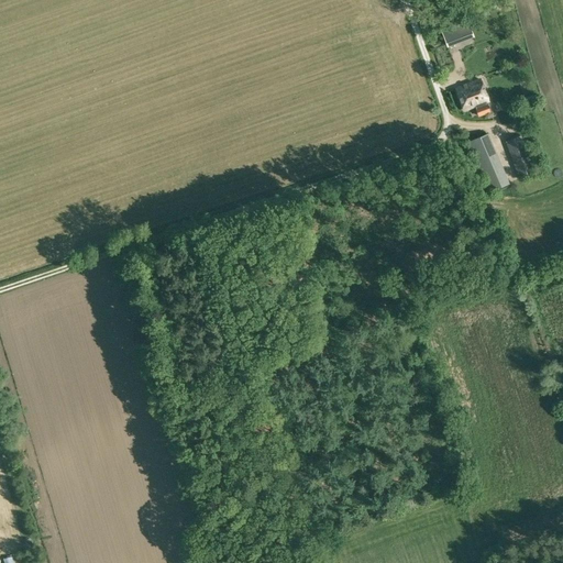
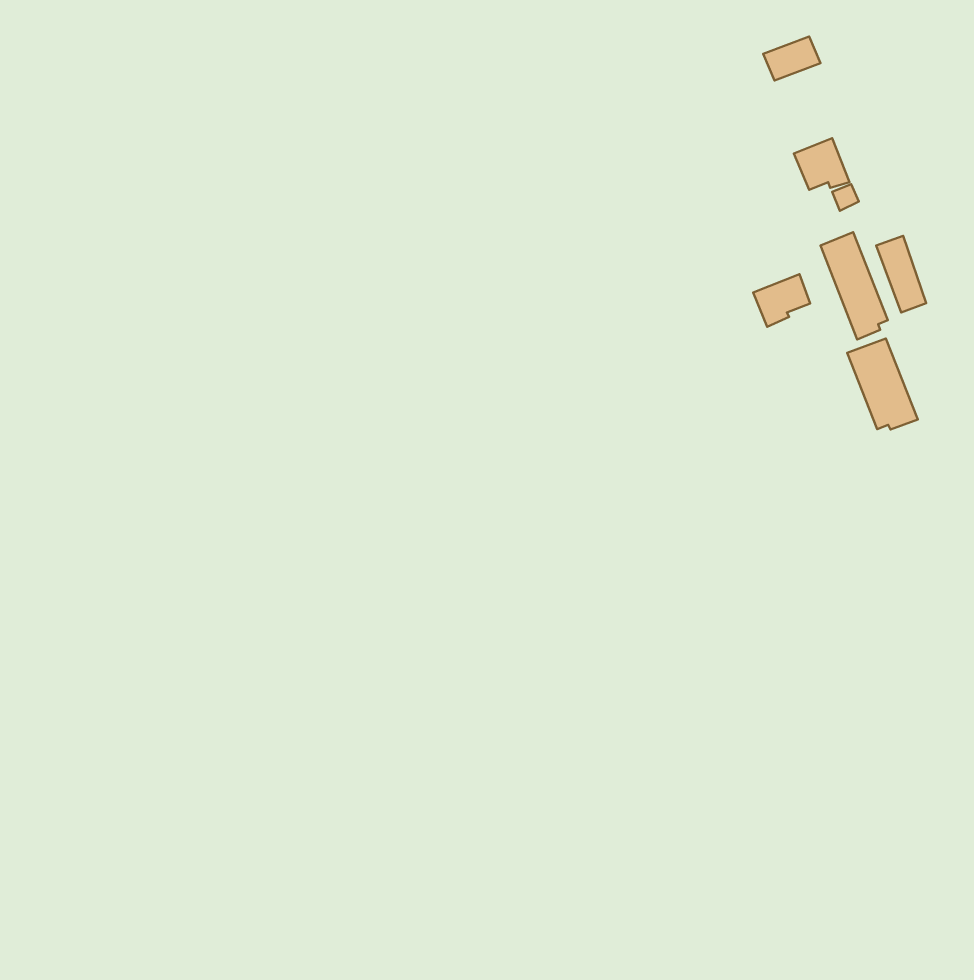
building: none -> [753,274,810,327]
building: none -> [847,338,918,430]

